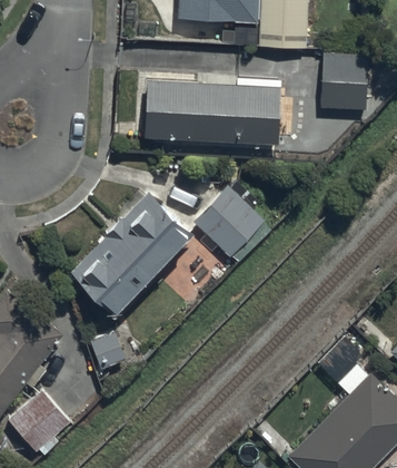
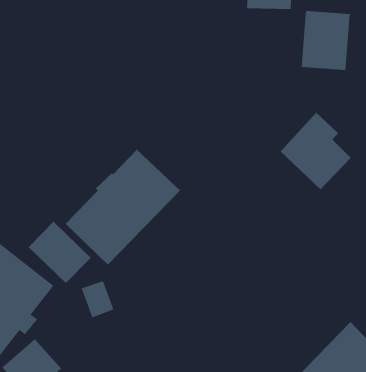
building: [143,79,282,143] -> none
building: [195,179,269,261] -> [280,112,352,190]
building: none -> [28,221,91,284]

